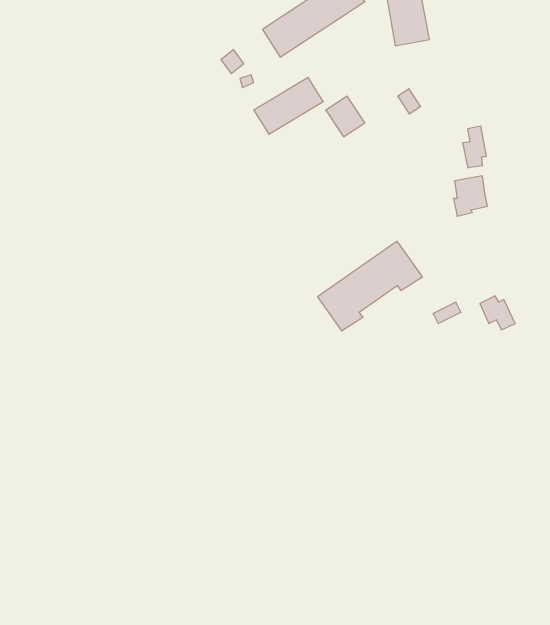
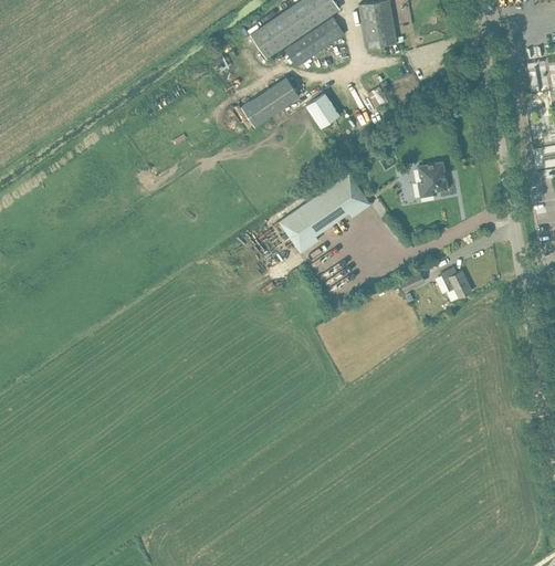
building: none -> [285,18,344,66]
building: [463,126,486,168] -> none
building: [318,241,422,331] -> [279,174,370,252]

